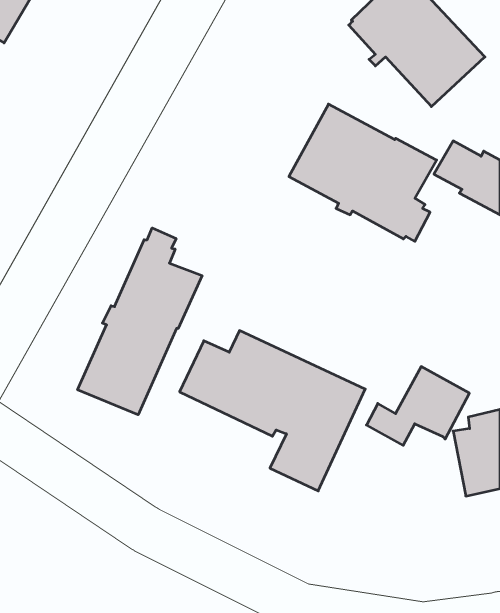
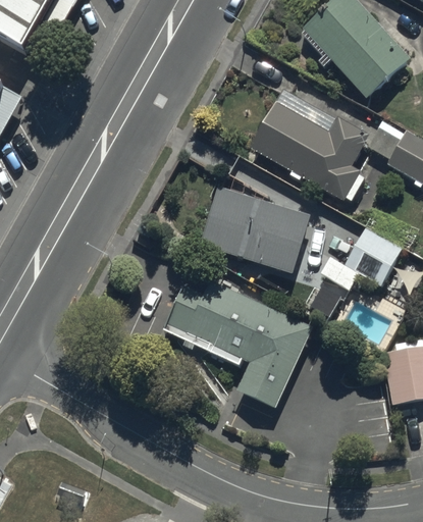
building: none -> [201,191,313,278]
building: [78,228,202,415] -> none
building: [366,367,469,445] -> [320,228,403,292]

